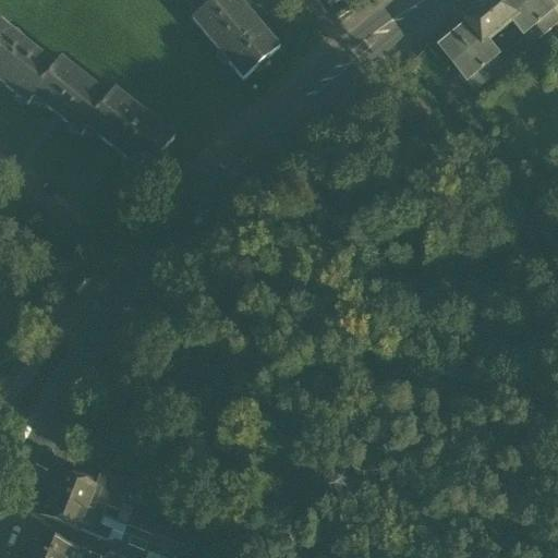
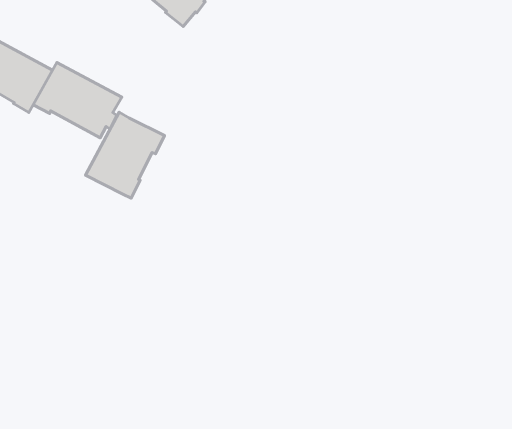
building: none -> [86,112,165,198]

